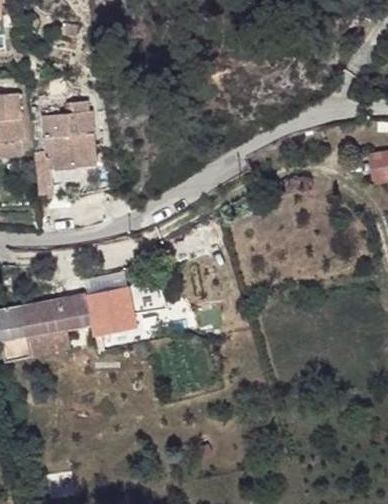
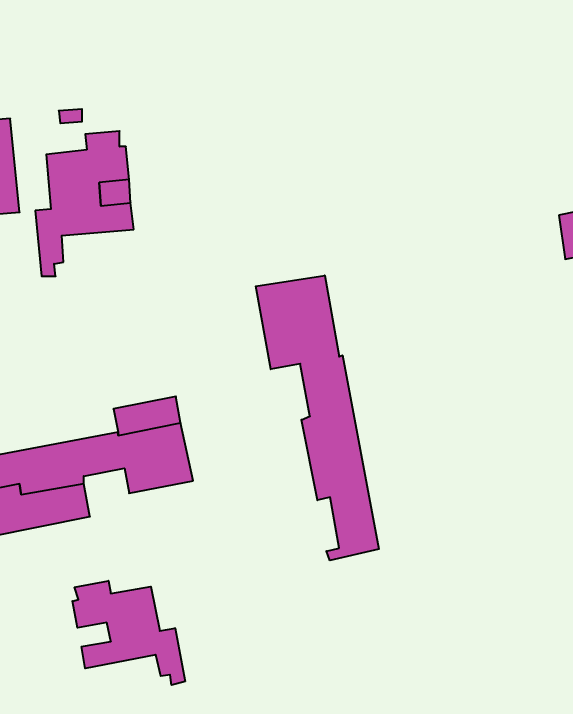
building: none -> [256,275,379,560]
building: none -> [72,581,185,685]

